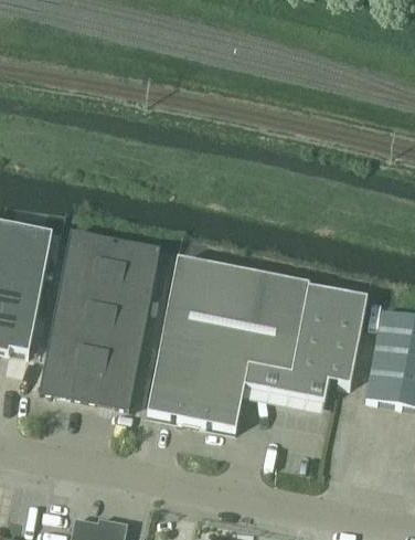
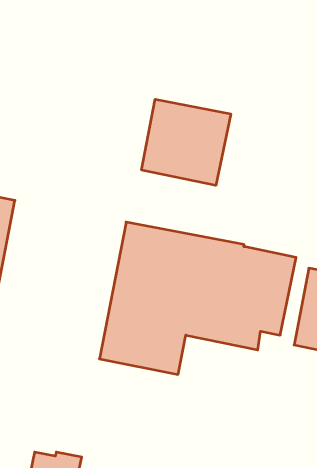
building: none -> [142,99,231,185]
building: [40,231,160,404] -> none

